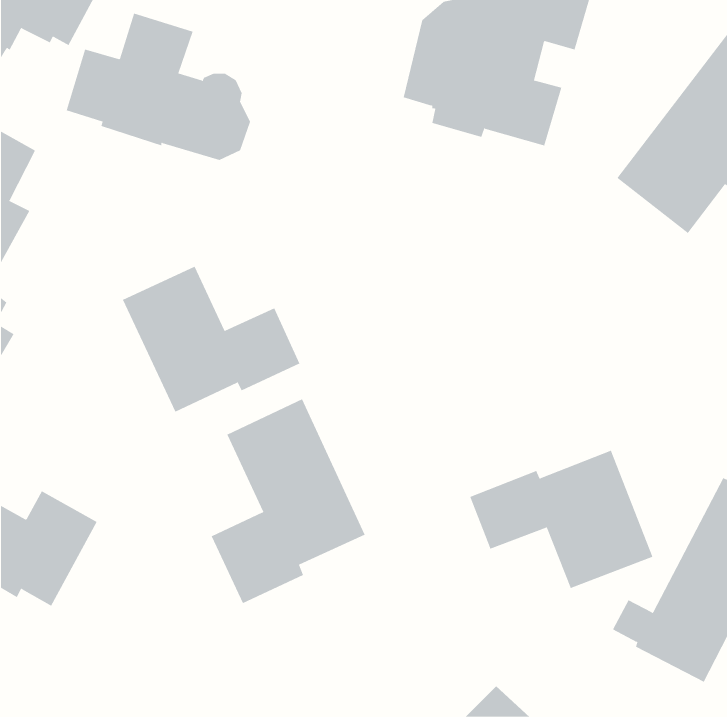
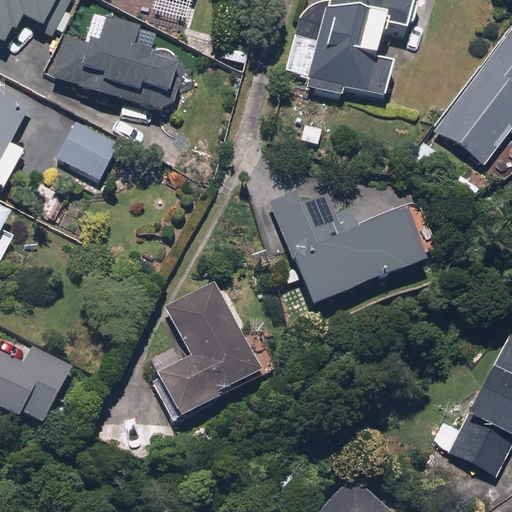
building: none -> [57,118,119,177]
building: [122,266,300,413] -> none
building: none -> [268,188,434,310]
building: [470,450,653,589] -> none

